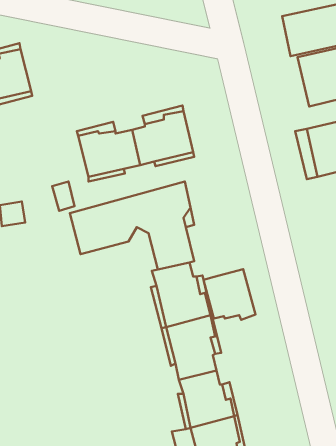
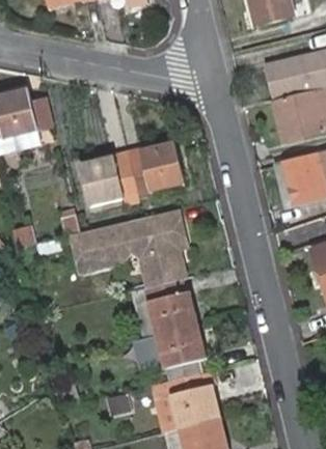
building: [203,269,256,320] -> none

